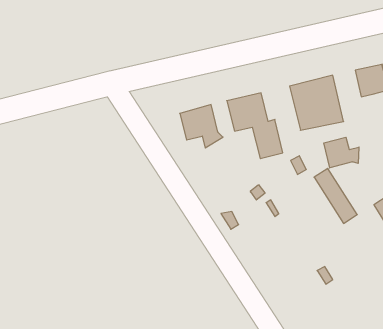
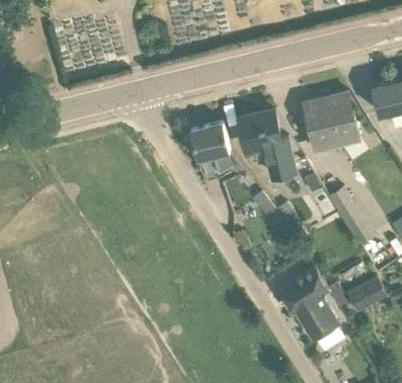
building: [324,137,359,168] -> none
building: none -> [279,266,339,339]
building: none -> [346,278,387,313]

